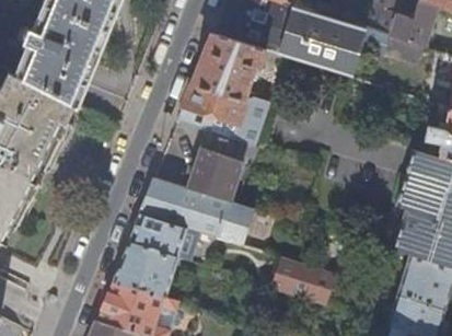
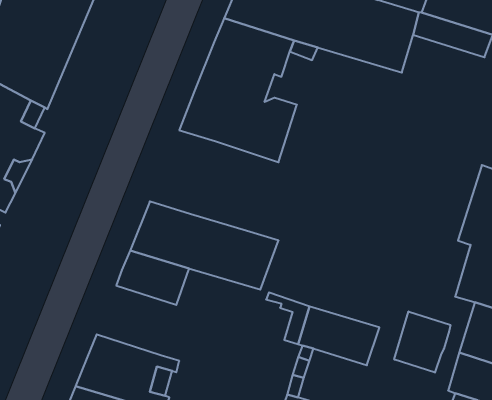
building: [186,129,256,199] -> none
building: [113,242,175,297] -> none
building: none -> [394,311,450,373]

